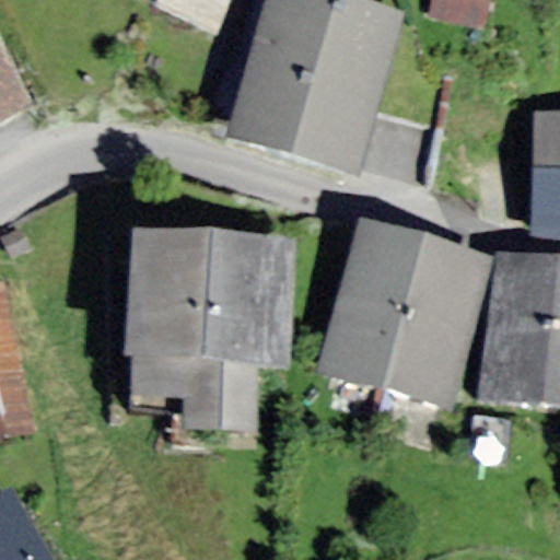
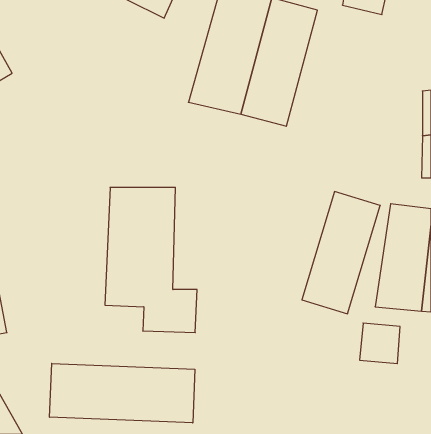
building: [315,224,425,382] -> none
building: [220,238,296,370] -> none
building: none -> [50,363,195,423]

